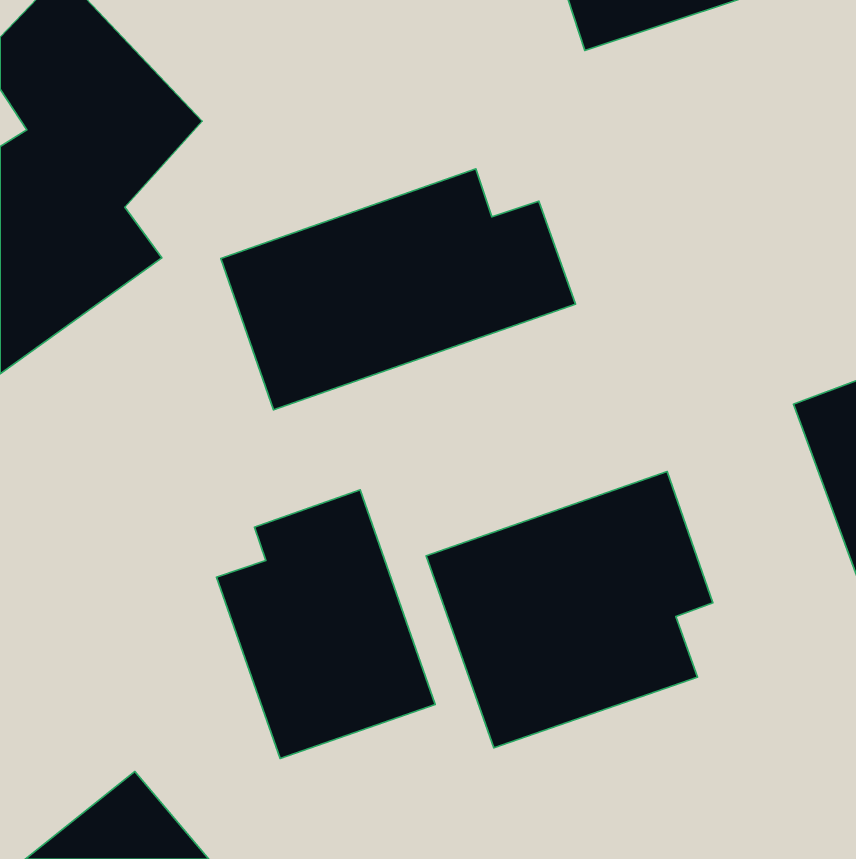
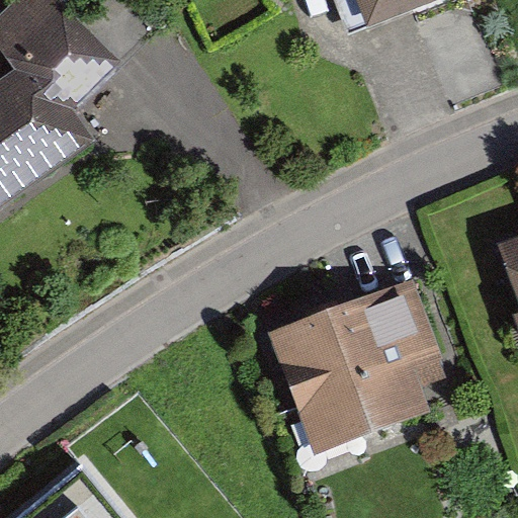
building: [221,169,575,410] -> none
building: [216,490,435,759] -> none

